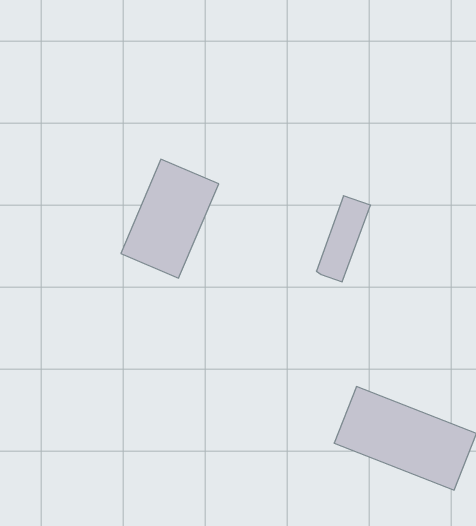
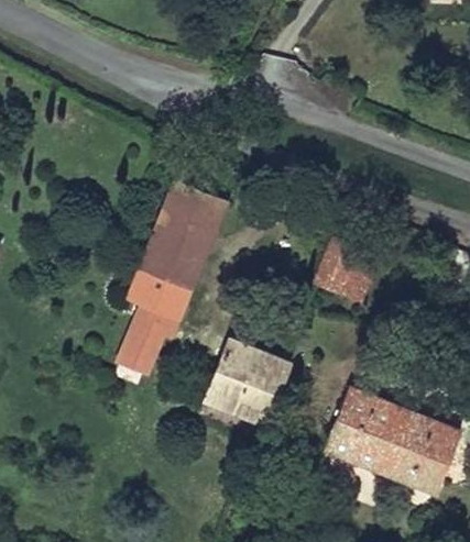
building: none -> [112,268,188,374]
building: none -> [206,340,289,423]

